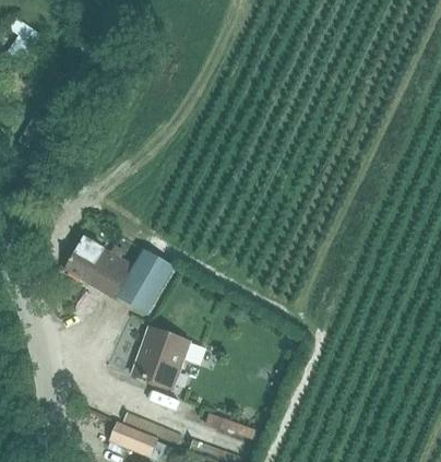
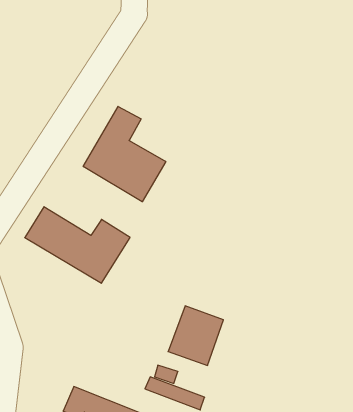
building: none -> [83,106,166,202]
building: [132,327,189,388] -> [168,306,223,365]

